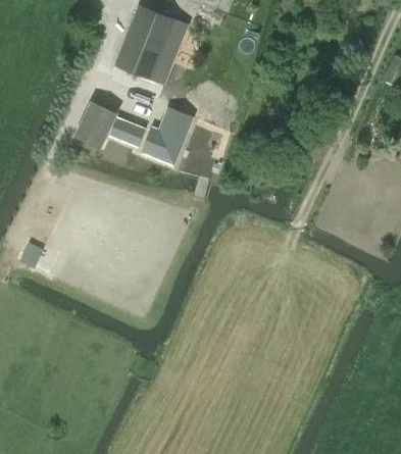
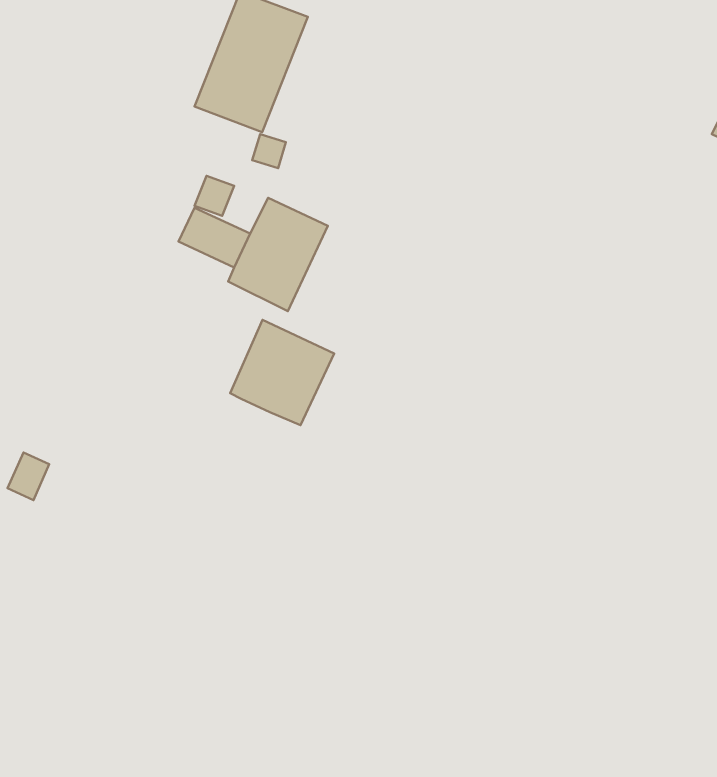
building: [76,100,119,149] -> none
building: none -> [230,320,334,425]

